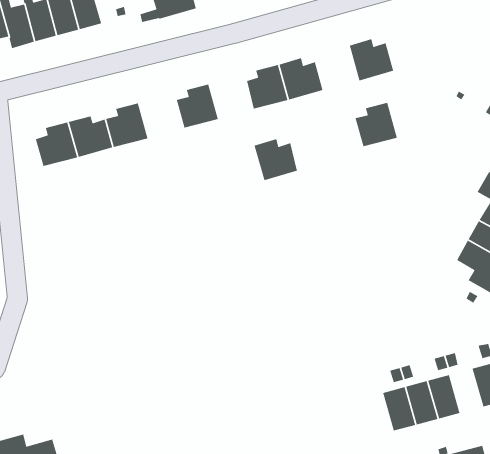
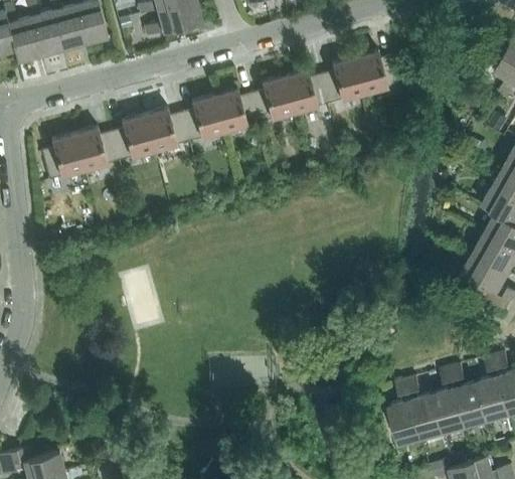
building: none -> [144,109,189,152]
building: [355,102,398,147] -> [321,58,364,104]
building: [254,138,298,181] -> [214,90,259,133]
building: none -> [455,381,488,427]

